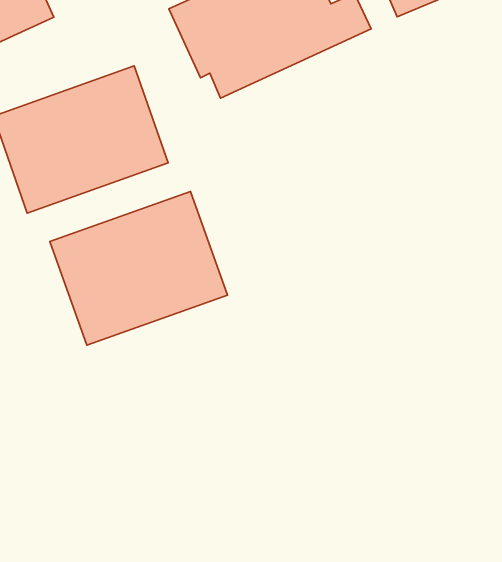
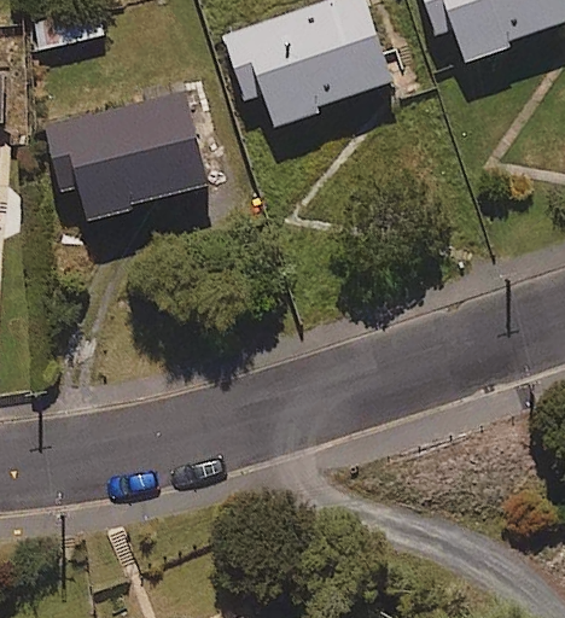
building: [50,191,228,345] -> none

